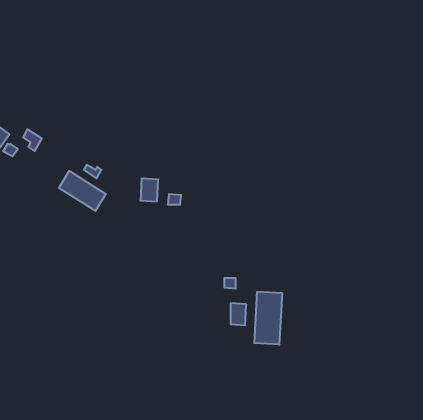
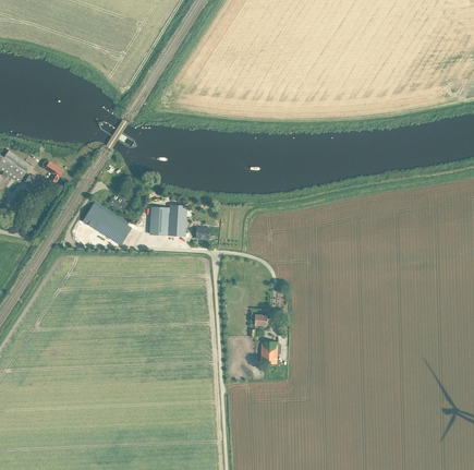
building: none -> [150,206,170,233]
building: [254,292,282,345] -> none

